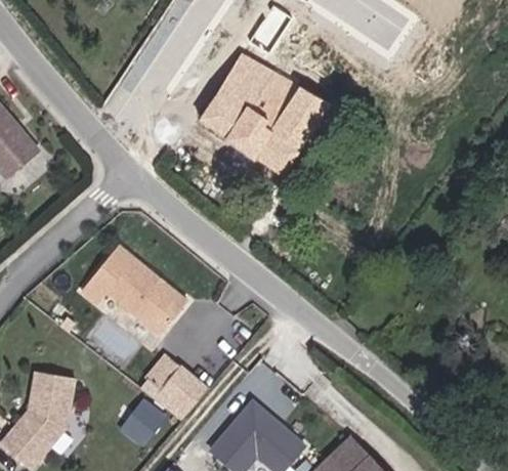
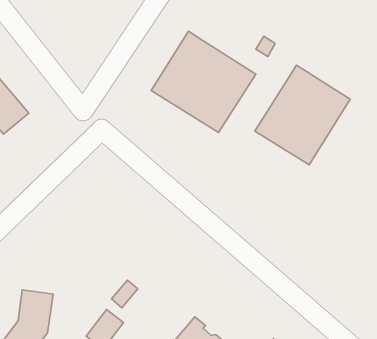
building: none -> [255,65,350,165]
building: [76,246,188,338] -> none
building: [159,373,206,419] -> none

